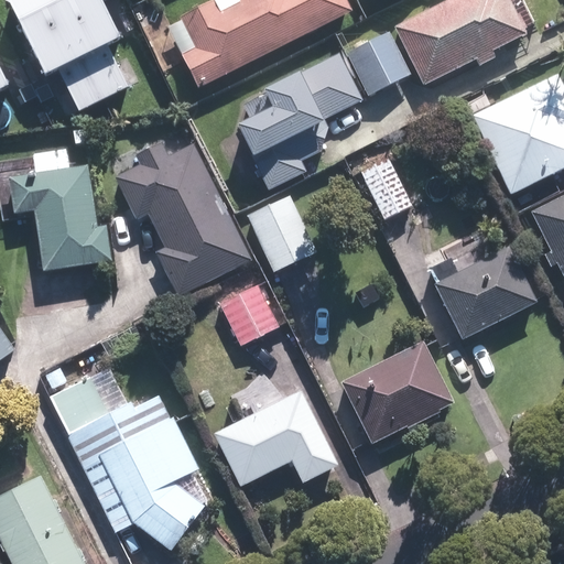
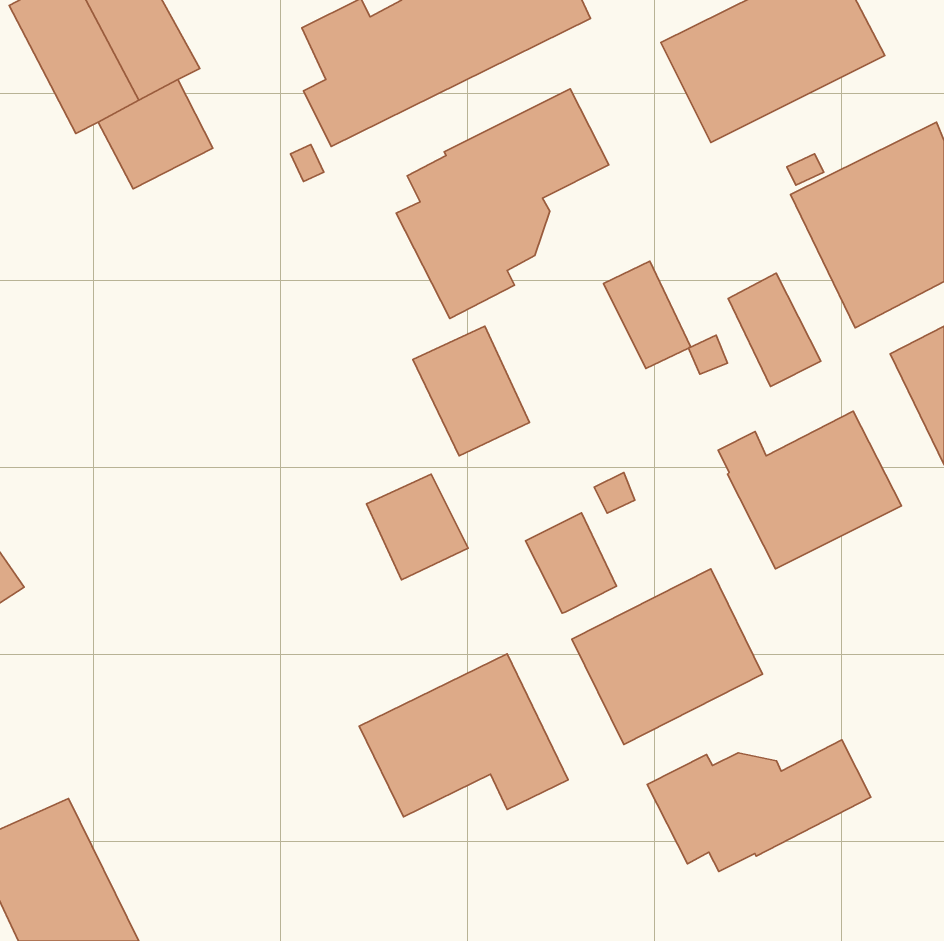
building: [346,30,410,94] -> none
building: [112,141,250,295] -> none
building: none -> [728,273,821,386]
building: [9,165,110,269] -> none
building: none -> [526,513,617,613]
building: [52,376,208,550] -> none
building: none -> [647,740,871,871]

